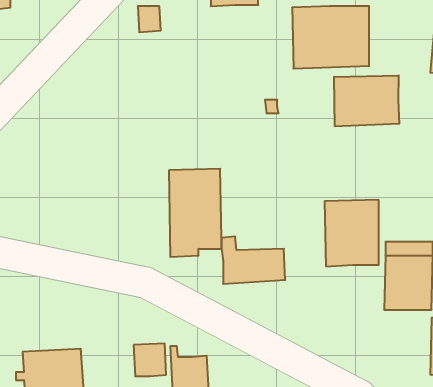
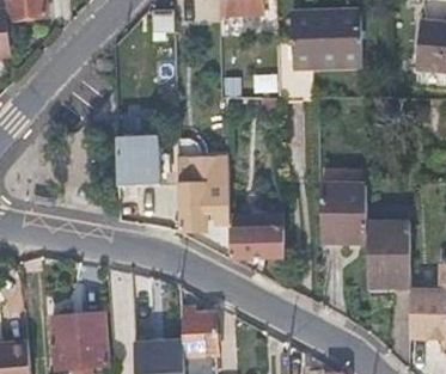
building: [334,75,399,126] -> none
building: none -> [116,139,159,185]

